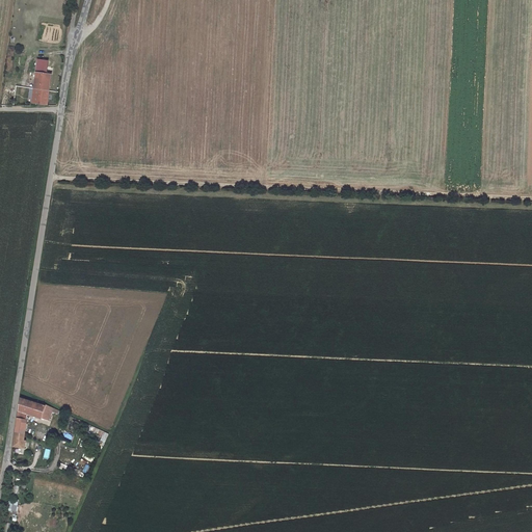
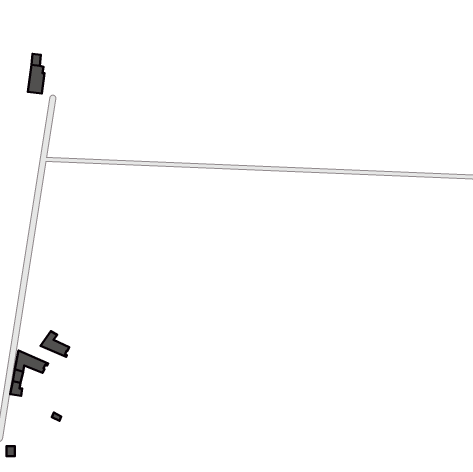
building: none -> [41,331,69,357]

